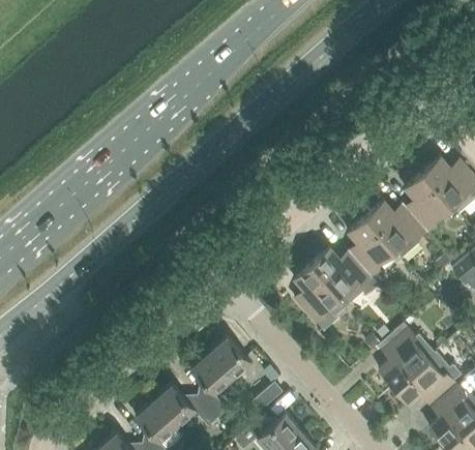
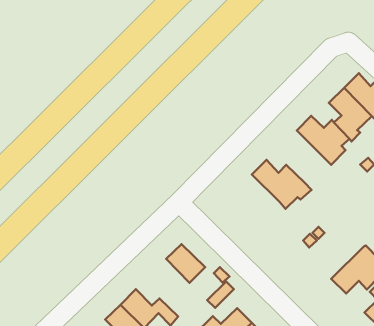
building: [347,216,393,276] -> none
building: [292,263,346,331] -> none
building: [377,327,432,387] -> none
building: [189,352,232,418] -> none

